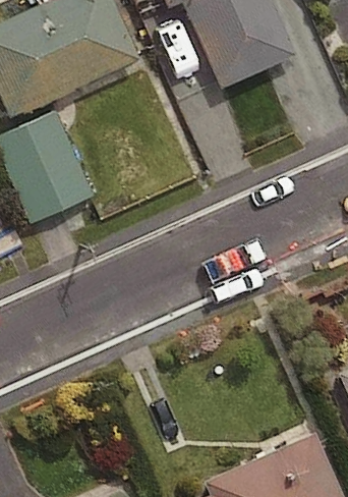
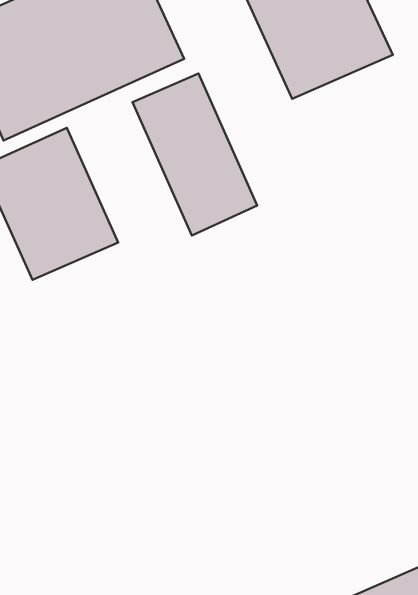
building: none -> [133,73,257,235]

